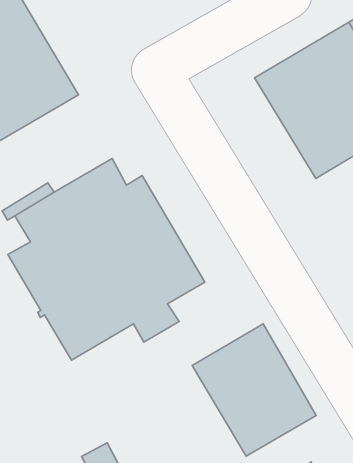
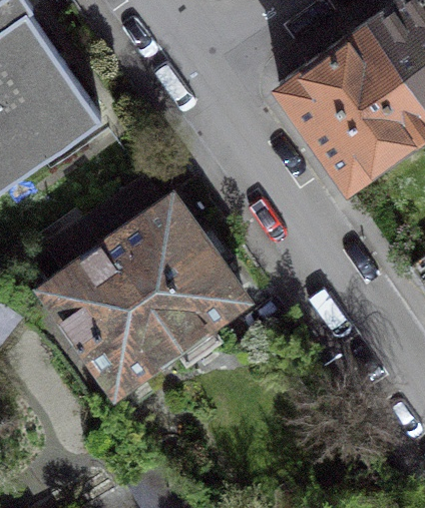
building: [192,324,316,456] -> none

